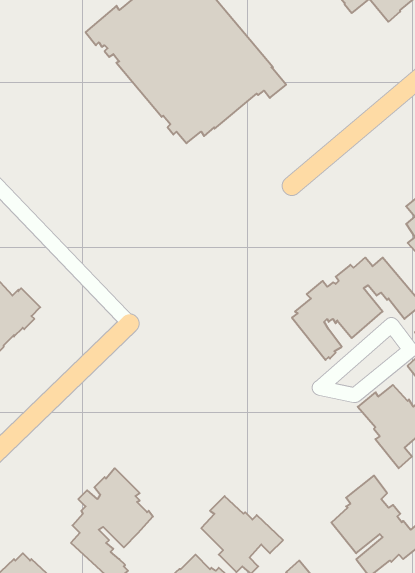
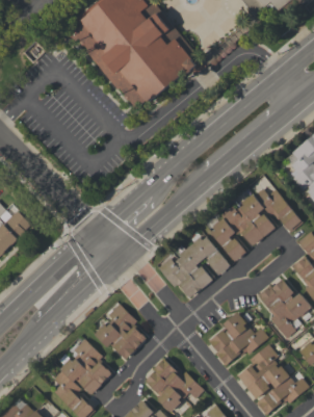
building: none -> [158,231,230,297]
building: none -> [94,304,146,359]
building: none -> [209,312,267,365]

